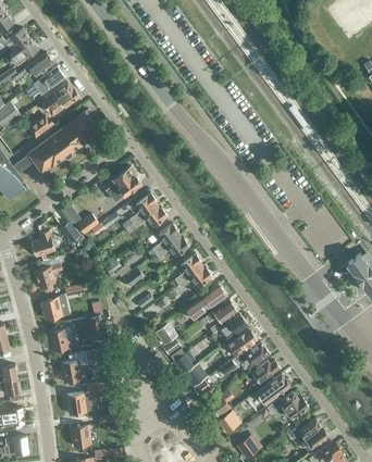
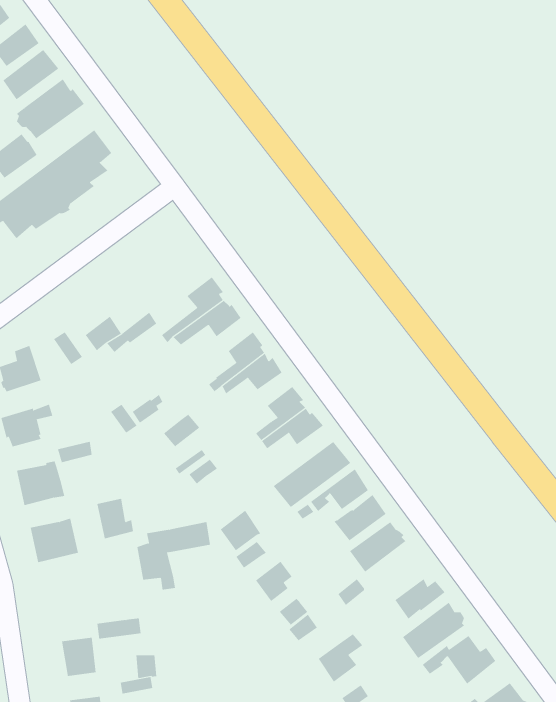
building: [103,166,141,201] -> none
building: [237,341,269,369] -> none
building: [61,349,102,387] -> [136,521,211,590]

